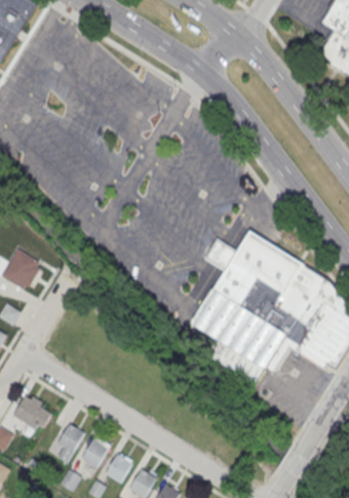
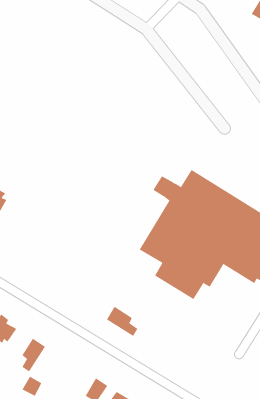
building: none -> [106,306,138,337]
building: [80,439,107,469] -> none
building: [105,455,131,484] -> none

